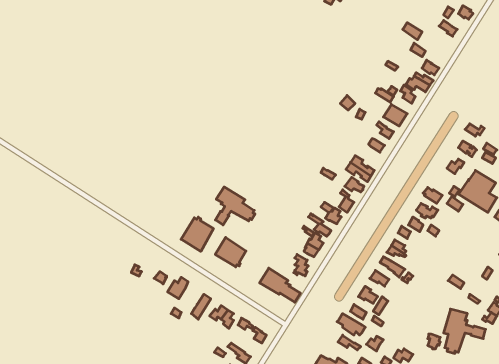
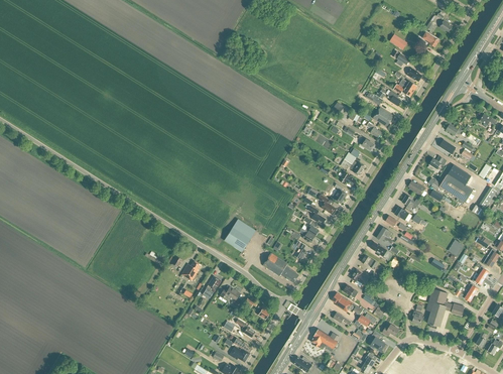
building: [215,187,255,225] -> none
building: [181,217,213,251] -> none

